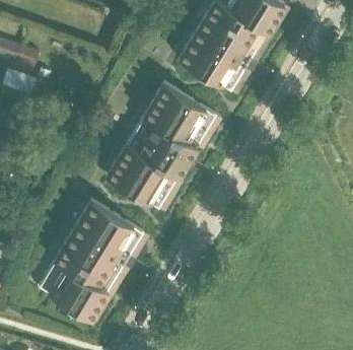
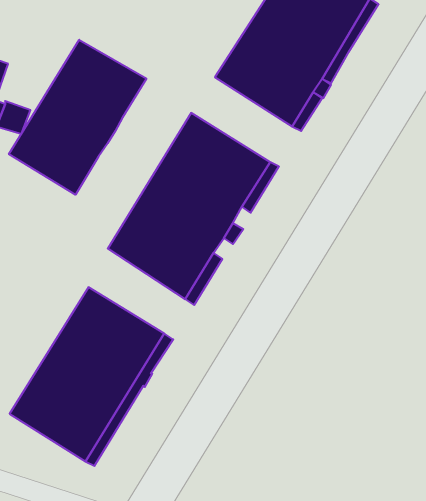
building: none -> [9,40,146,195]

